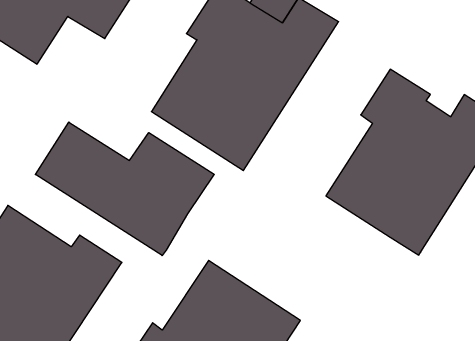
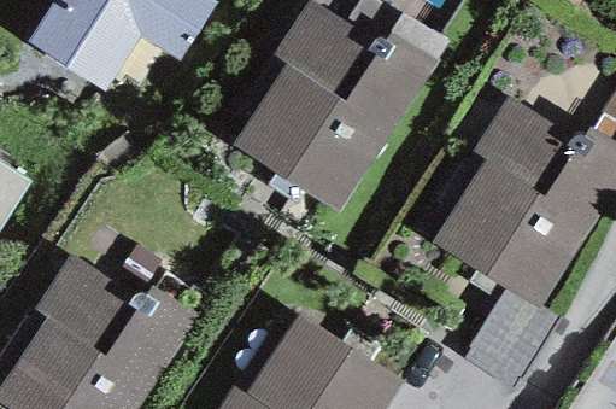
building: [35,122,214,256] -> none
building: none -> [465,288,559,388]

